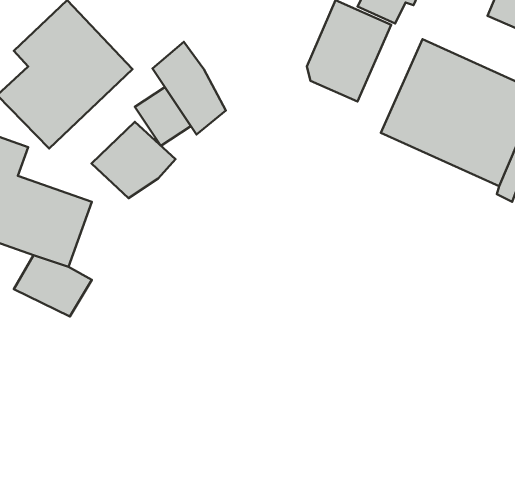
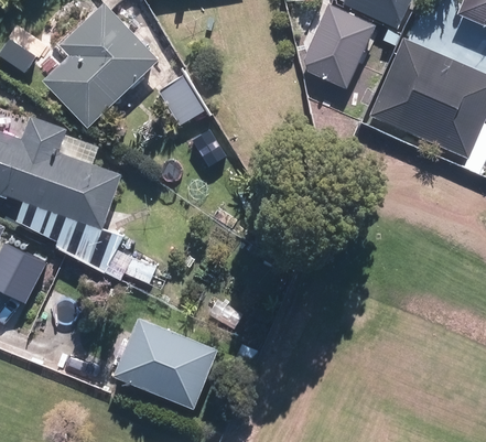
building: [152,42,226,134] -> none
building: [92,122,176,198] -> none
building: none -> [115,316,218,409]

